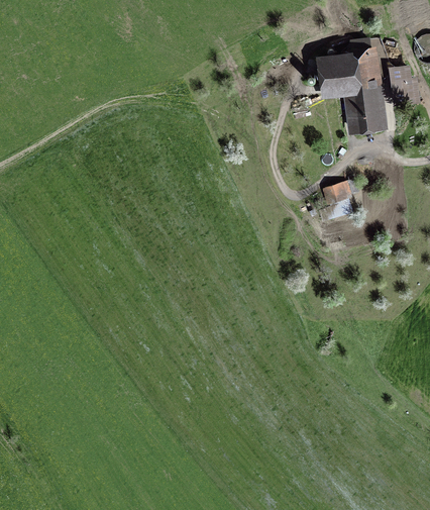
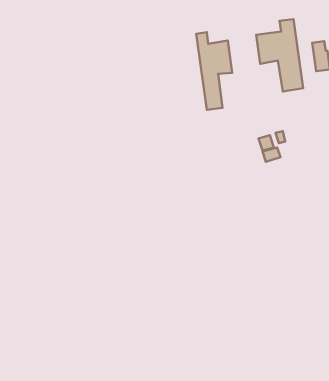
building: none -> [196,32,232,110]

